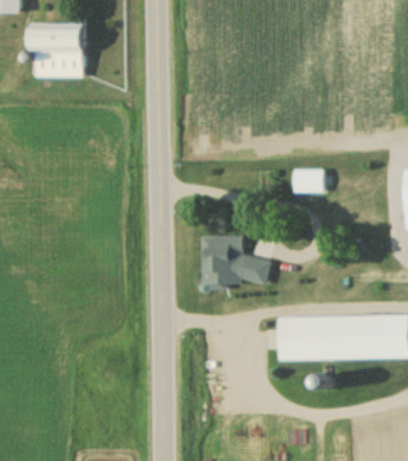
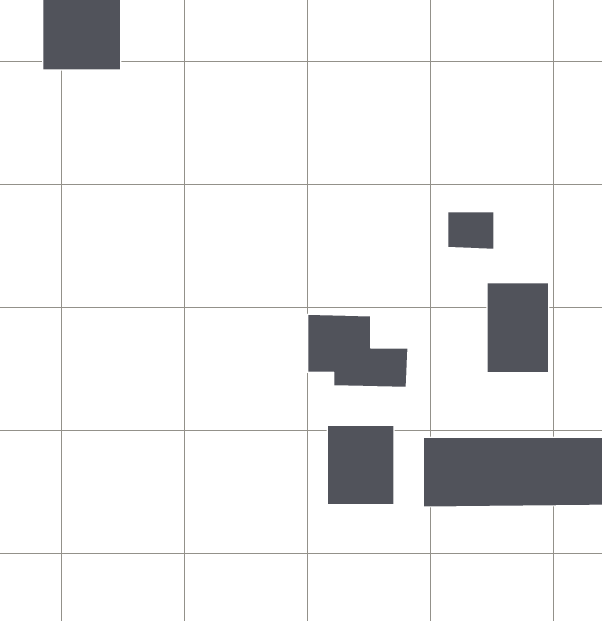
building: none -> [487,283,549,373]
building: none -> [327,425,394,505]

